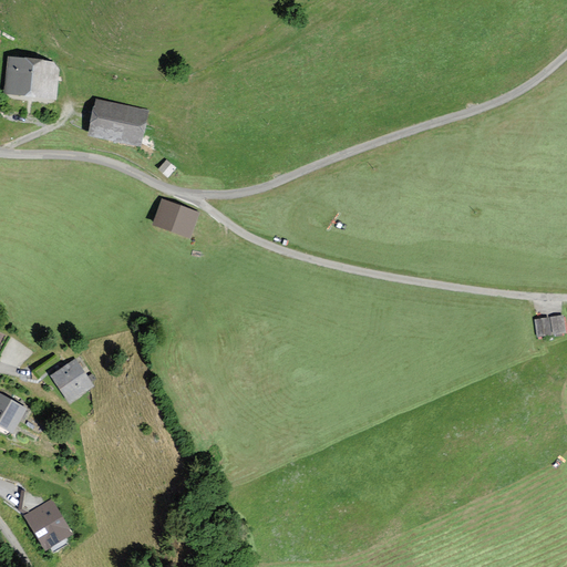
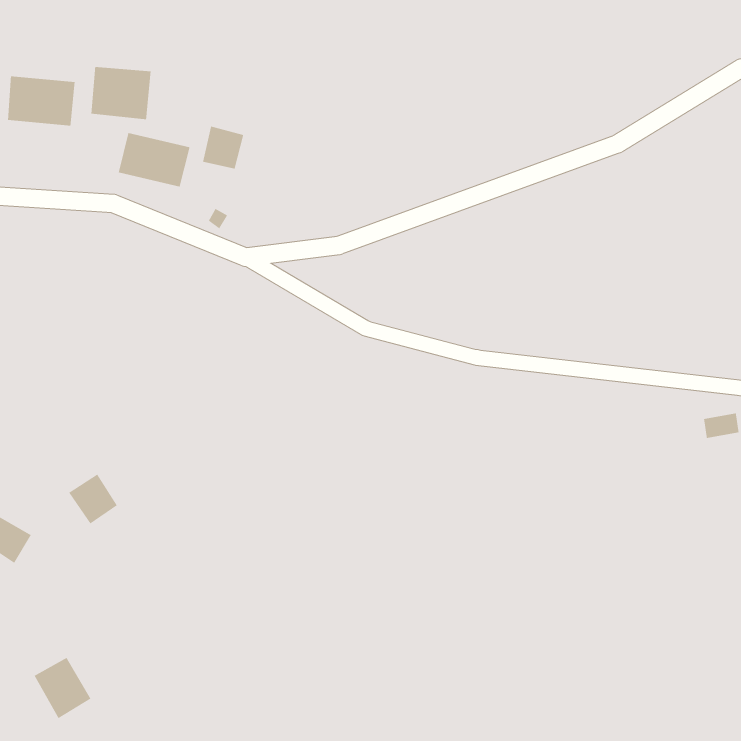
building: none -> [90,66,151,120]
building: none -> [202,126,244,169]
building: [155,200,197,236] -> none

